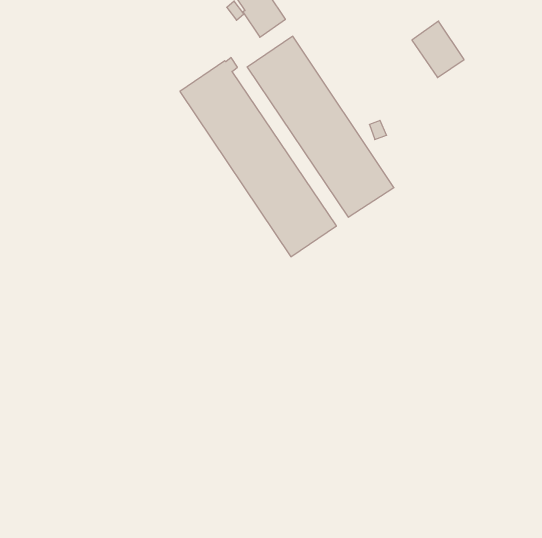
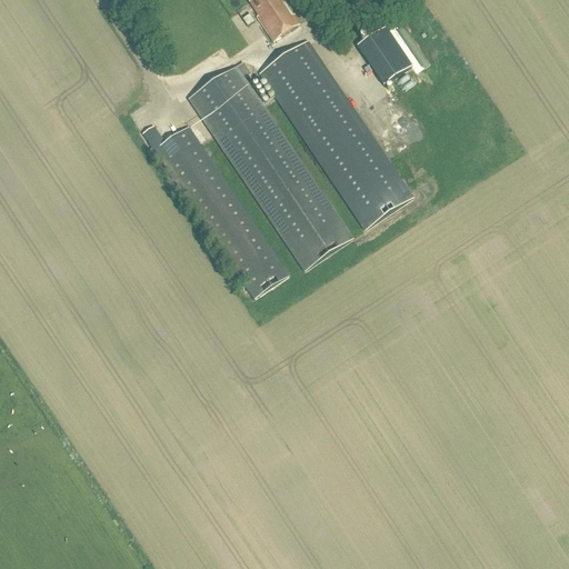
building: [412,21,464,78] -> [356,23,410,82]
building: none -> [141,123,287,296]

